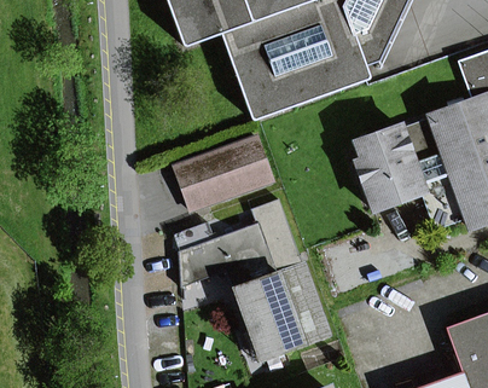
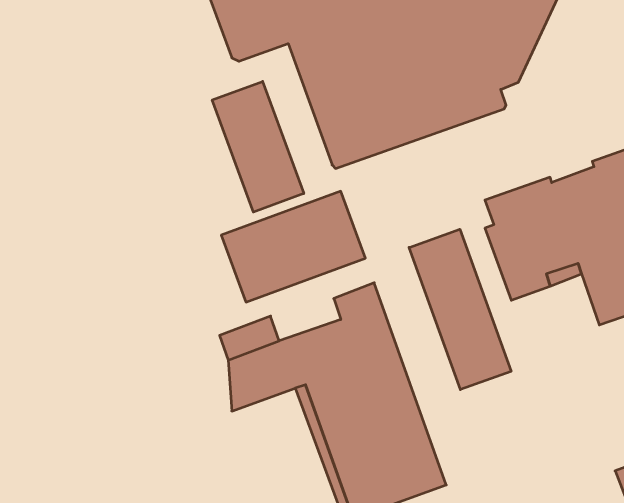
building: none -> [212,81,304,212]
building: none -> [409,229,511,390]

